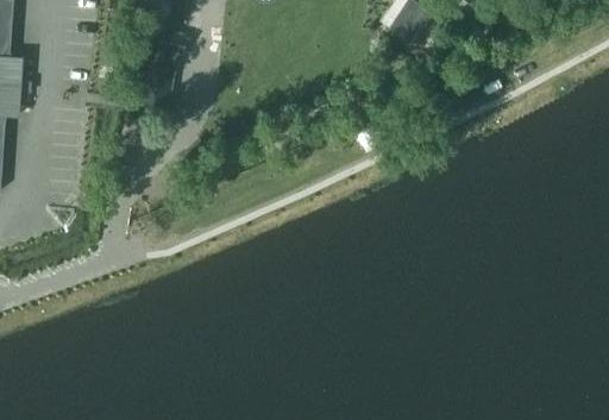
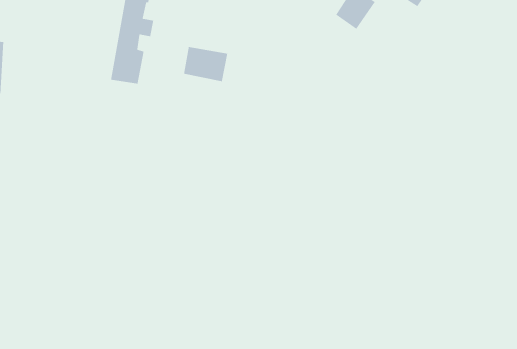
building: none -> [183,46,228,82]

